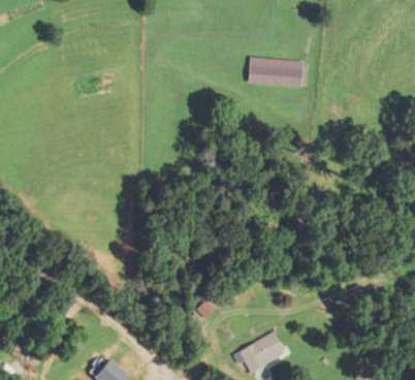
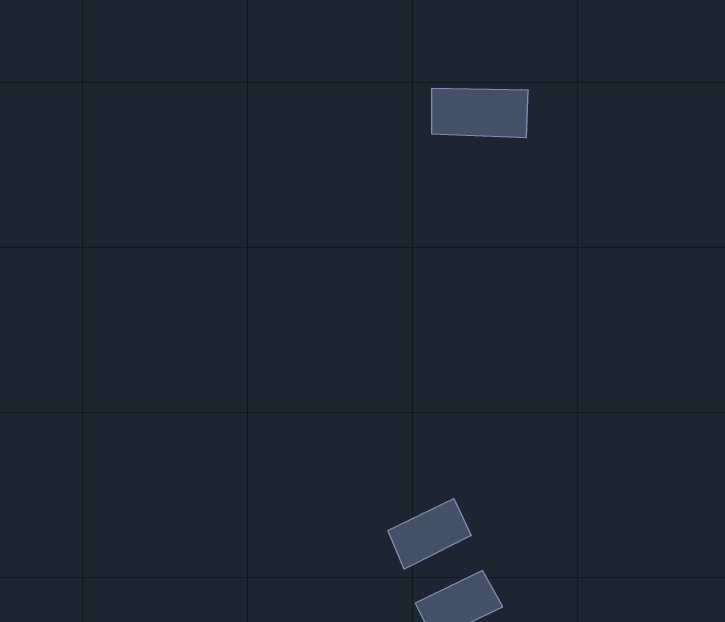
building: none -> [388,499,471,569]

